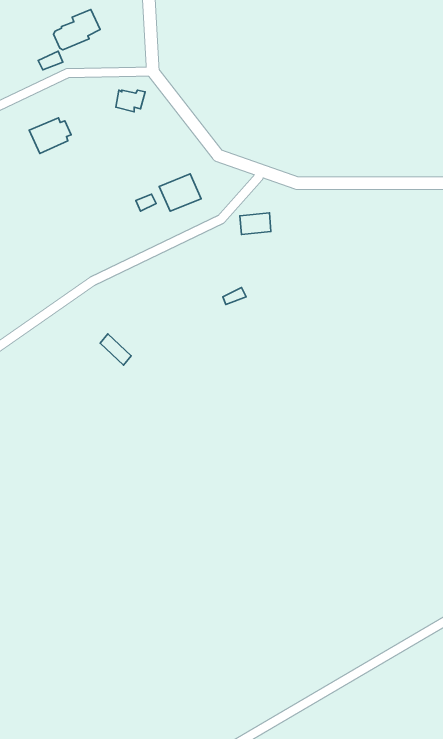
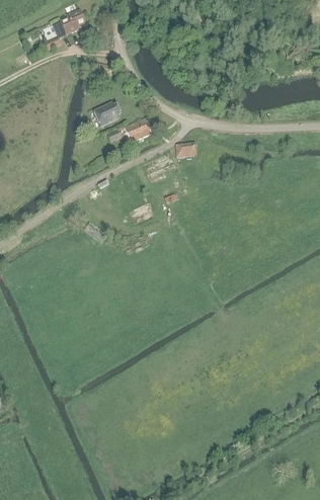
building: [29,118,71,153] -> [93,103,121,127]

